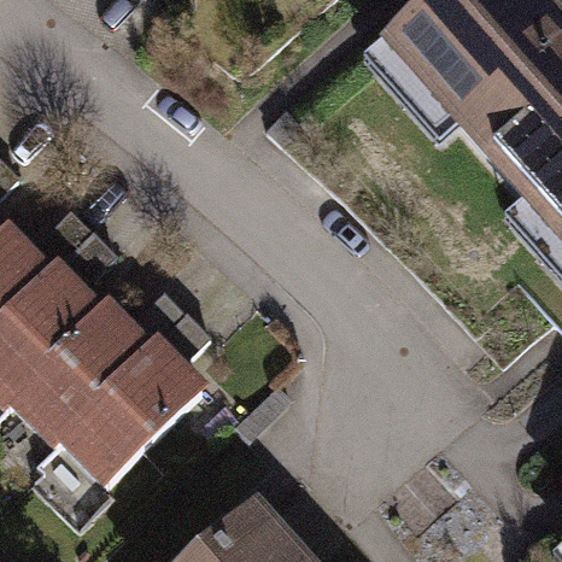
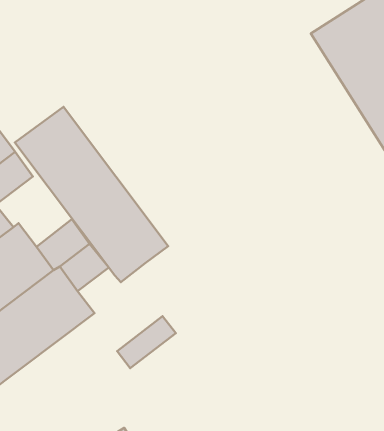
building: none -> [15,107,168,282]

